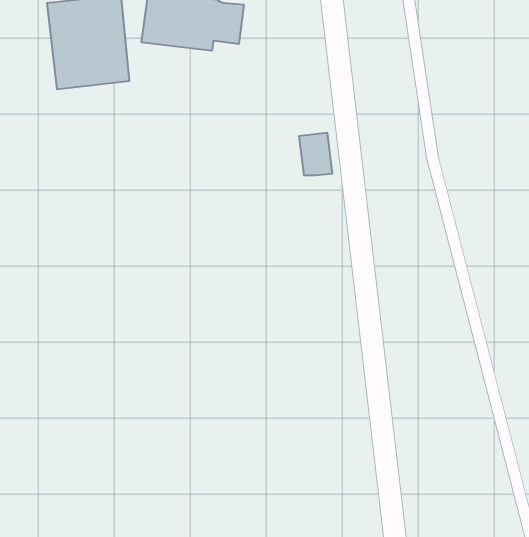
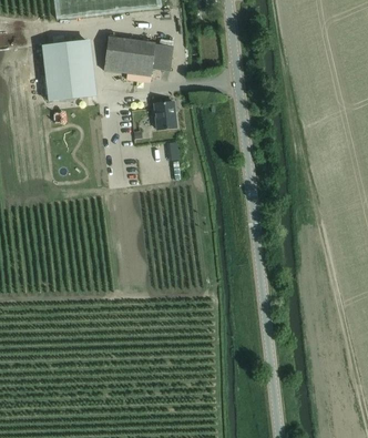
building: [299,133,332,175] -> [154,101,176,129]

